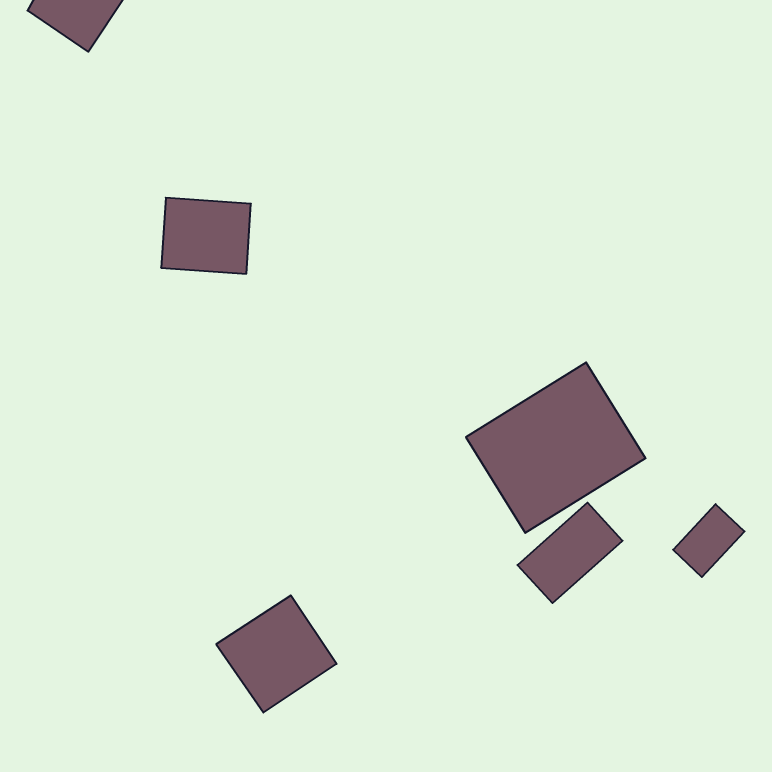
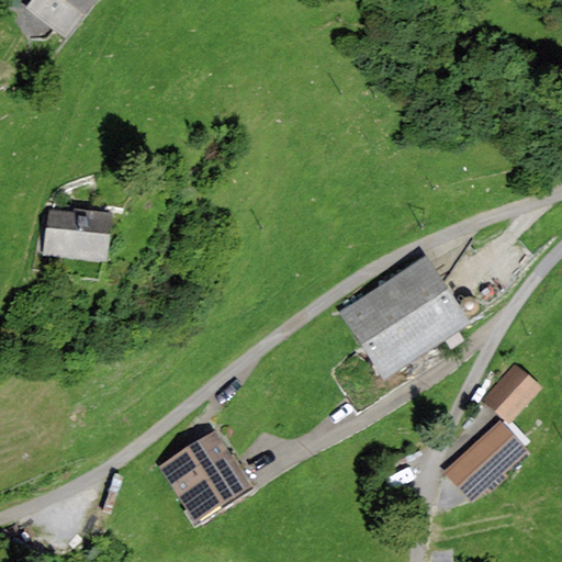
building: [161,198,251,274] -> [44,205,109,260]
building: [517,503,623,603] -> [449,418,525,491]

